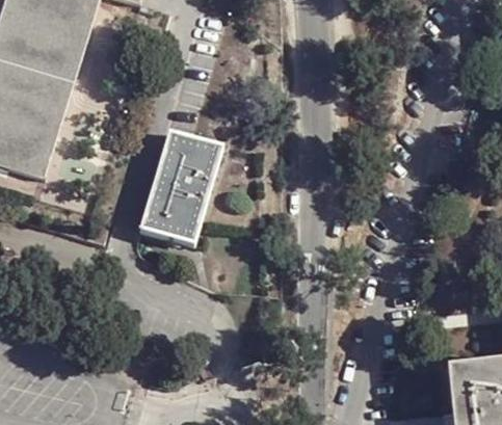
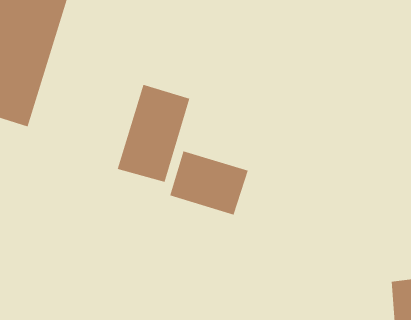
building: none -> [169,151,249,215]

